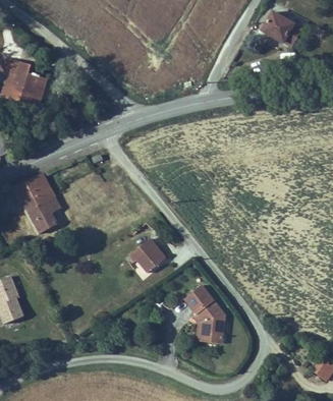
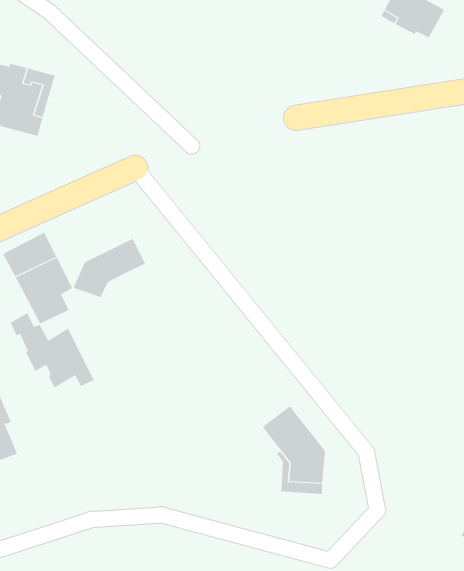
building: none -> [73,238,146,298]
building: none -> [10,312,94,388]
building: [129,239,166,274] -> none

